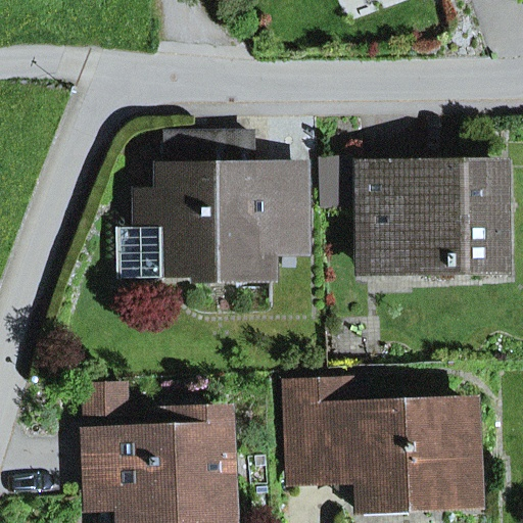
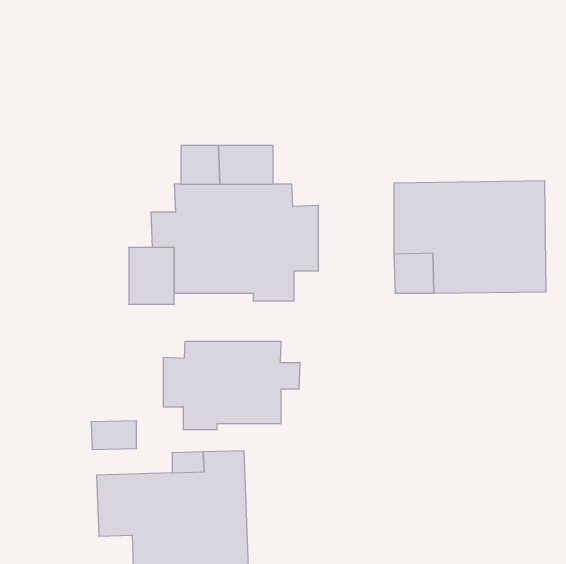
building: none -> [164,341,300,430]
building: [291,387,475,503] -> none

